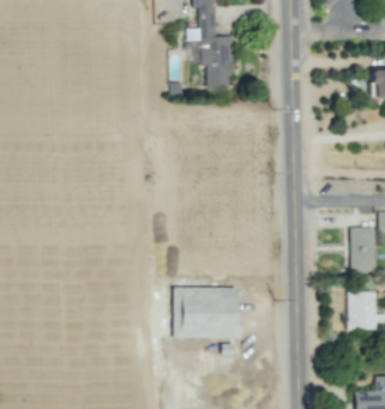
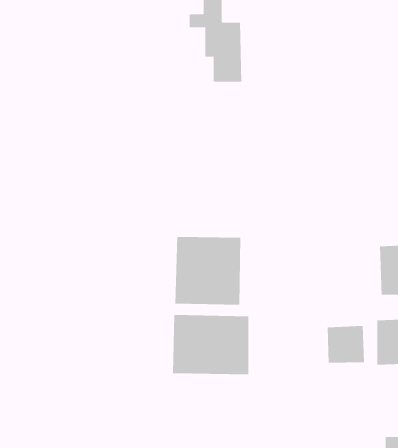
building: none -> [175,236,241,305]
building: none -> [327,325,364,364]

